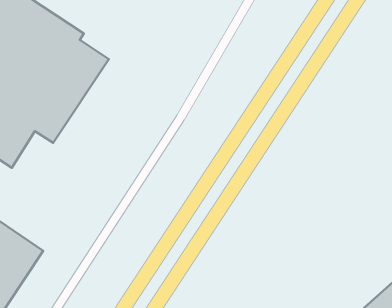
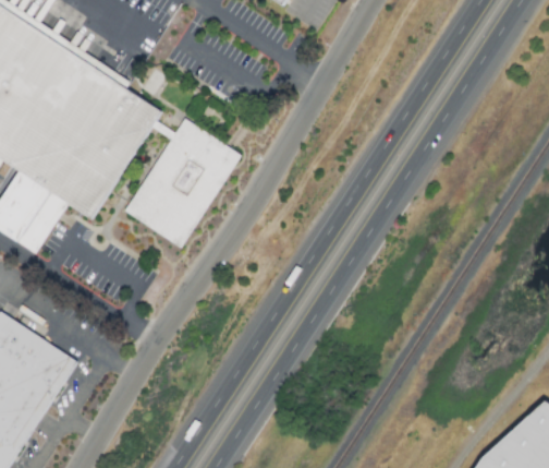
building: none -> [122,119,241,251]

